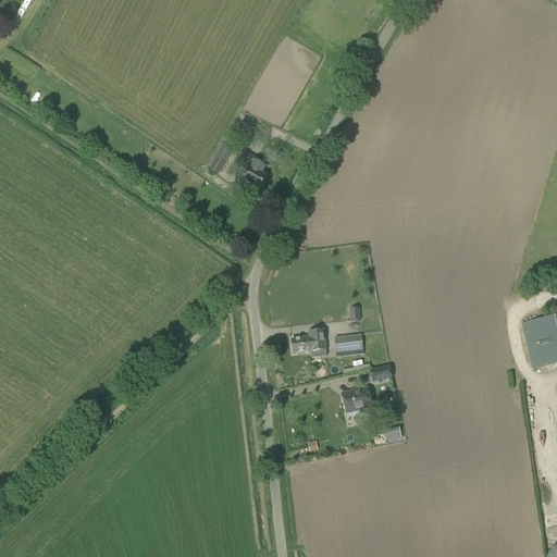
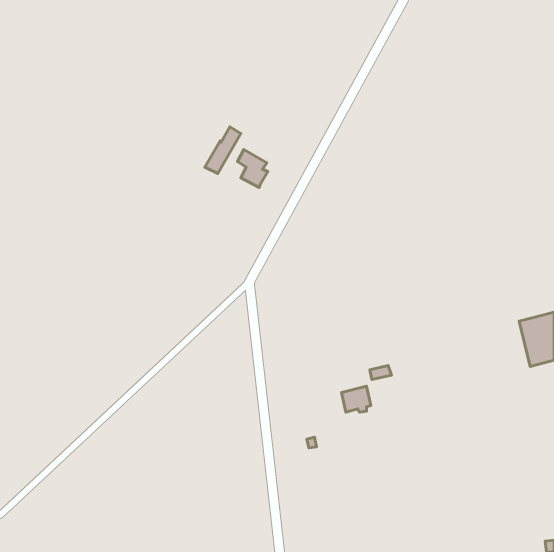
building: [293,327,326,351] -> none
building: [334,333,363,351] -> none

